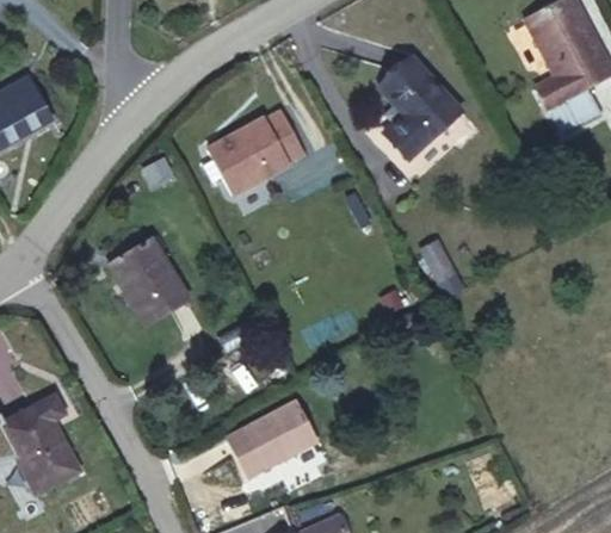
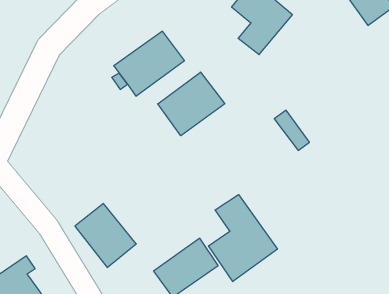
building: none -> [158,72,225,136]
building: [109,237,190,326] -> [75,204,136,267]
building: none -> [208,195,277,282]

